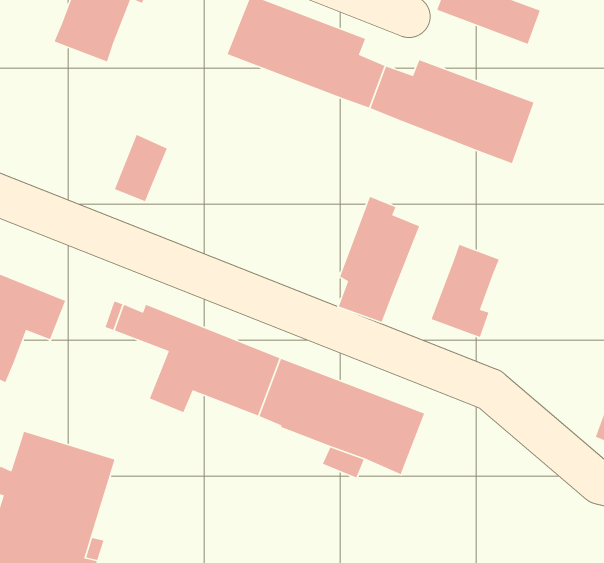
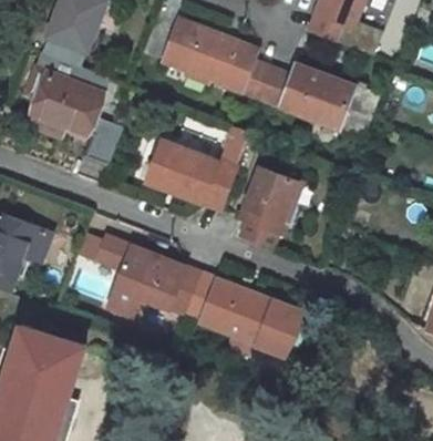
building: none -> [27,52,109,135]
building: none -> [145,126,249,209]
building: [431,244,500,338] -> none

